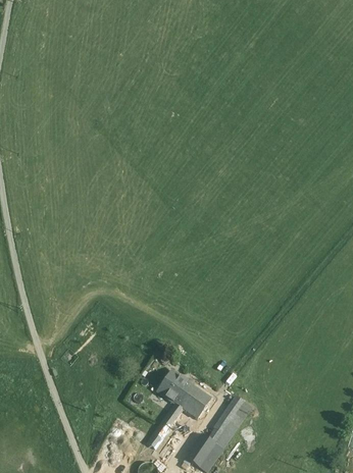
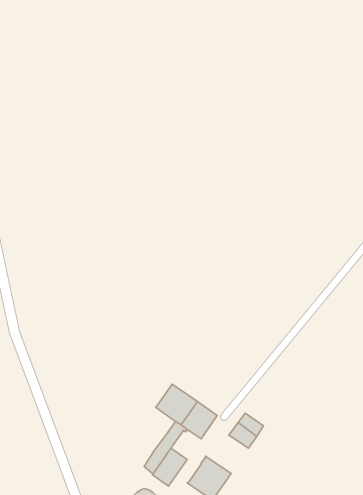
building: [208,415,239,449] -> none

